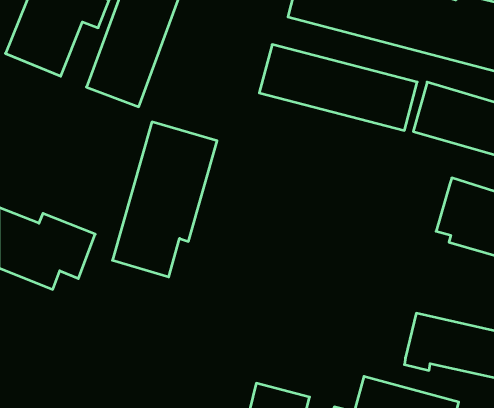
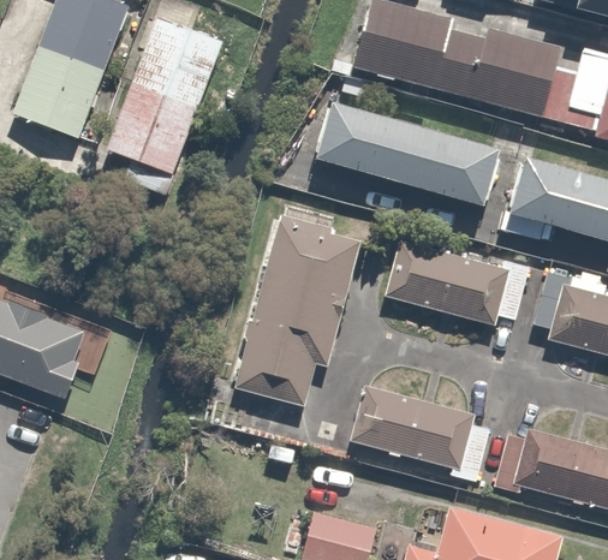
building: [112,122,217,277] -> [232,224,359,412]
building: none -> [385,240,535,326]
building: none -> [350,388,493,489]

